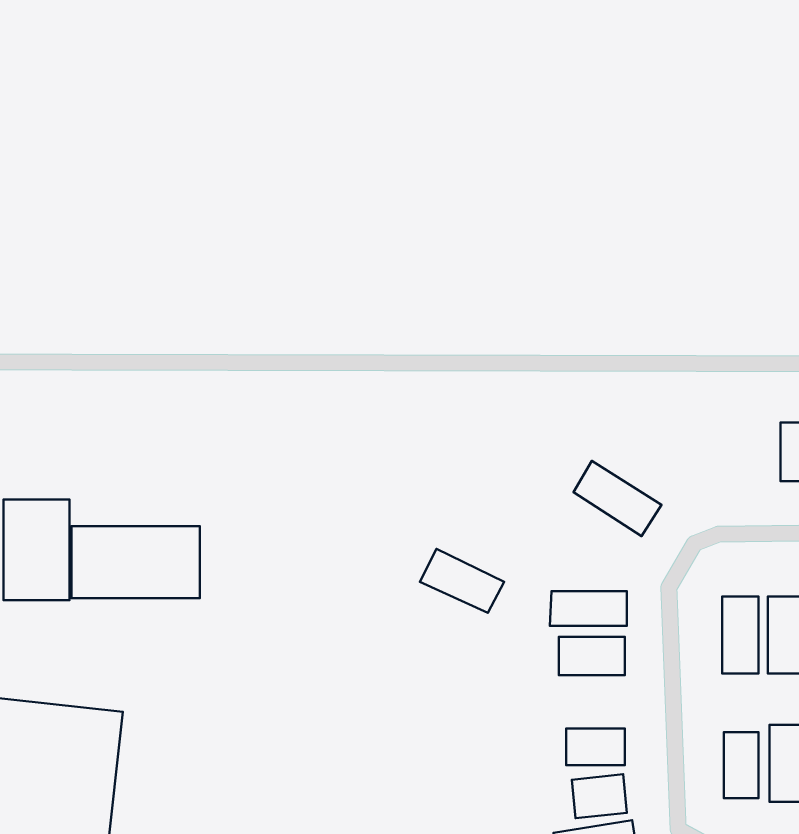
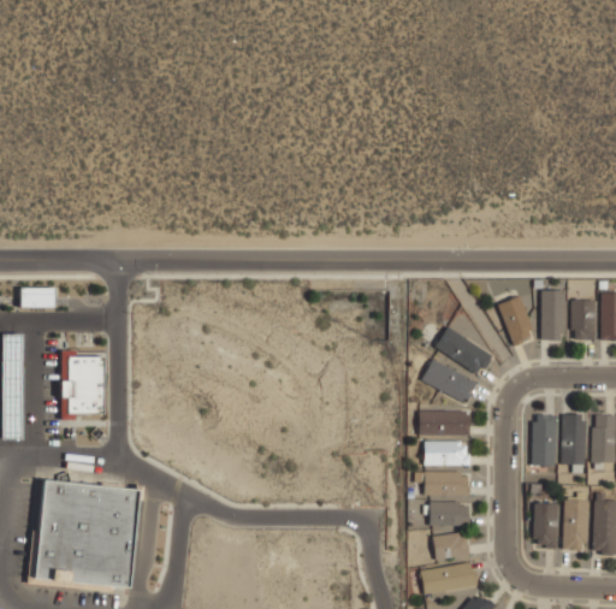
building: none -> [541,289,564,339]
building: none -> [498,295,537,345]
building: [72,526,200,598] -> none
building: [420,549,504,613] -> [422,359,478,401]
building: none -> [417,471,469,496]

